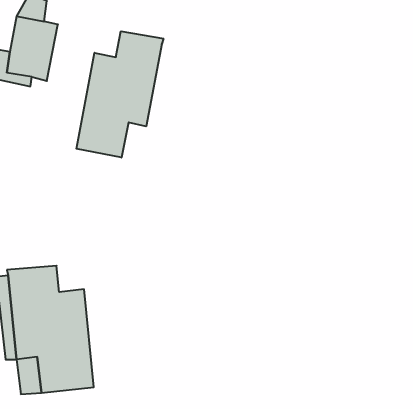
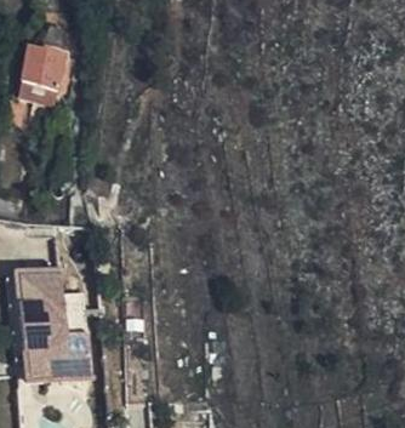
building: [76,31,163,158] -> none

